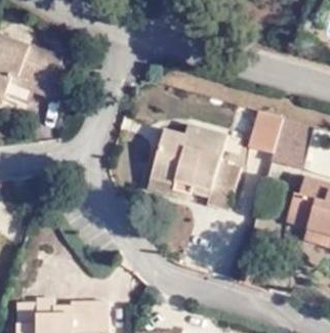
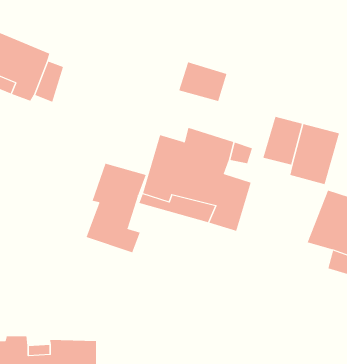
building: none -> [179,62,227,102]
building: none -> [86,163,146,253]

